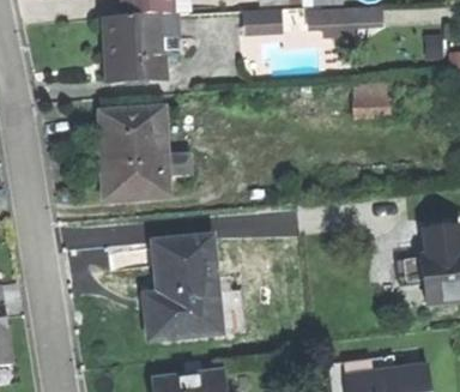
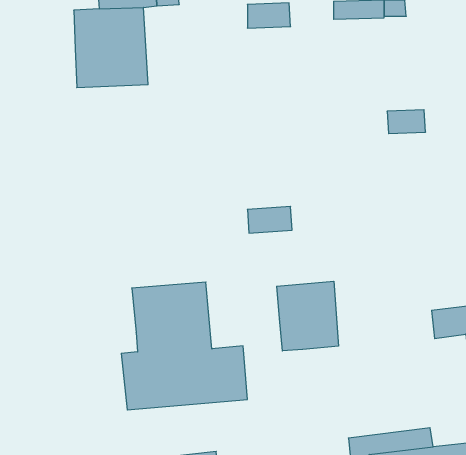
building: [98,109,188,198] -> none
building: none -> [277,281,338,351]

